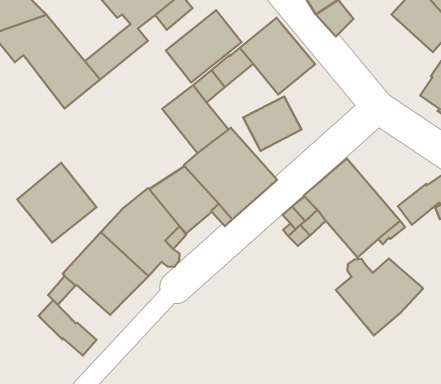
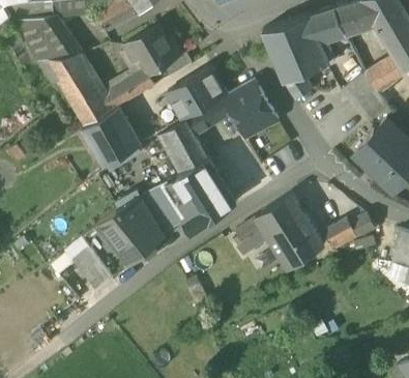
building: [17,163,97,243] -> [83,108,142,167]
building: [336,258,423,336] -> none
building: [39,300,96,356] -> none

